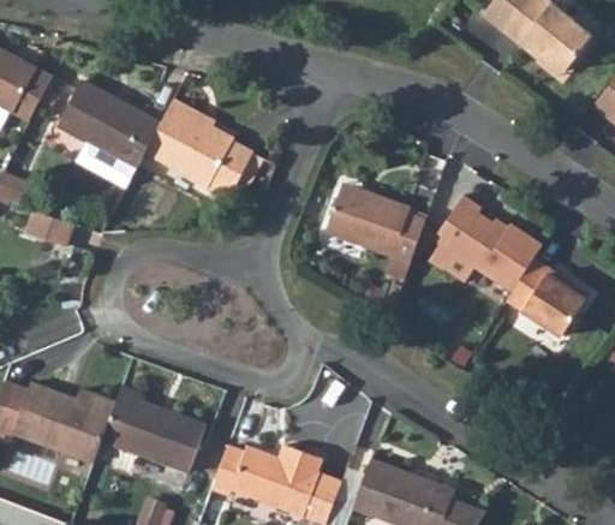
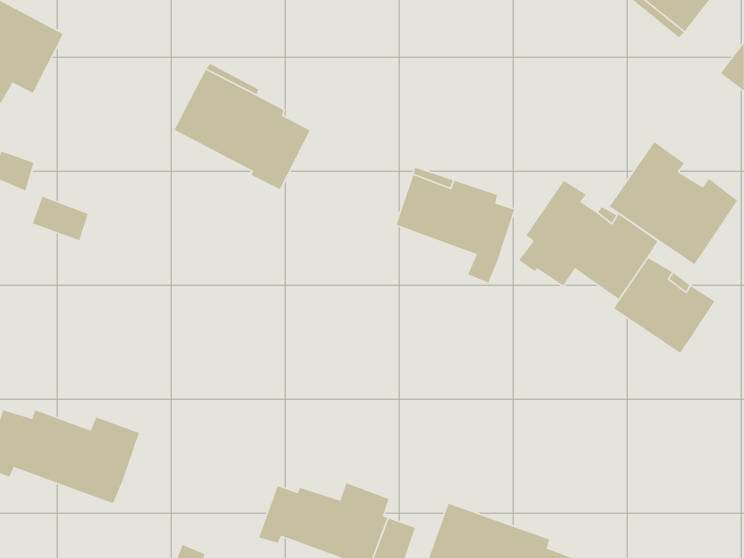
building: [56,80,160,187] -> none
building: none -> [609,141,738,265]
building: [102,384,205,472] -> none

